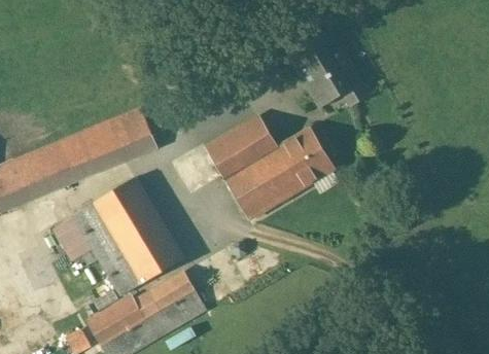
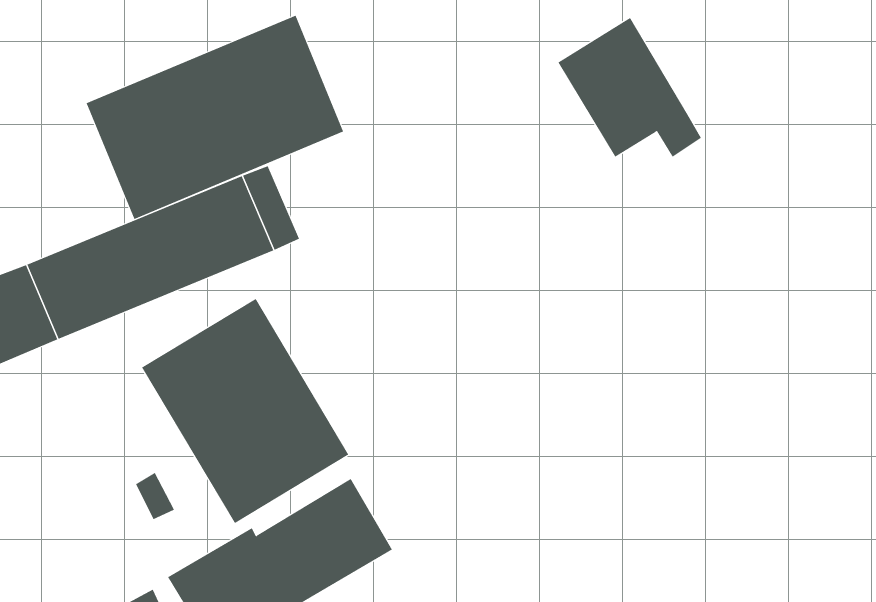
building: none -> [86,15,344,220]
building: [206,116,336,219] -> none

